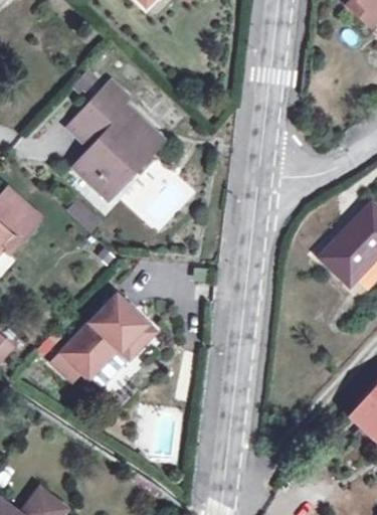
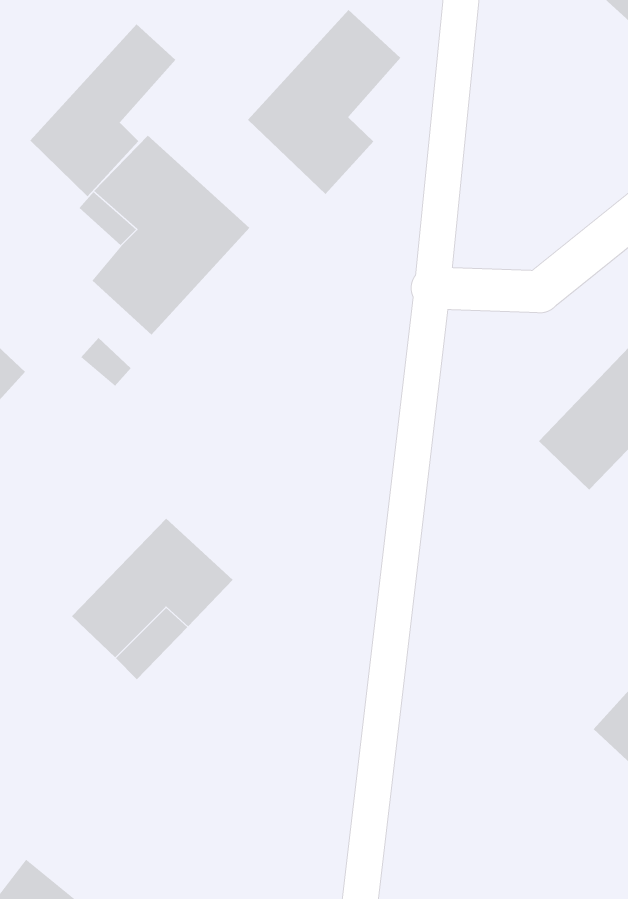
building: none -> [247,9,401,195]
building: none -> [29,24,176,197]

